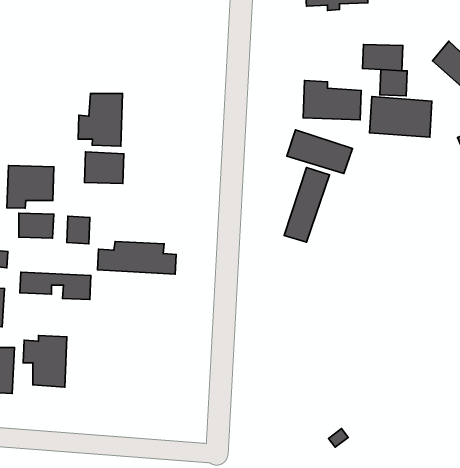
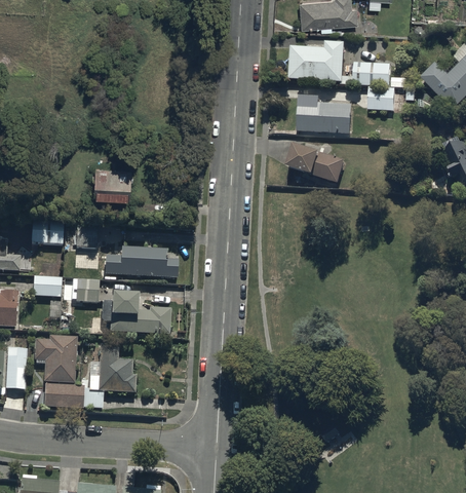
building: [78,93,123,146] -> none
building: [370,97,432,137] -> [286,42,345,80]
building: [7,165,54,208] -> none
building: [284,168,330,242] -> none
building: none -> [110,293,171,334]
building: none -> [43,344,137,408]

